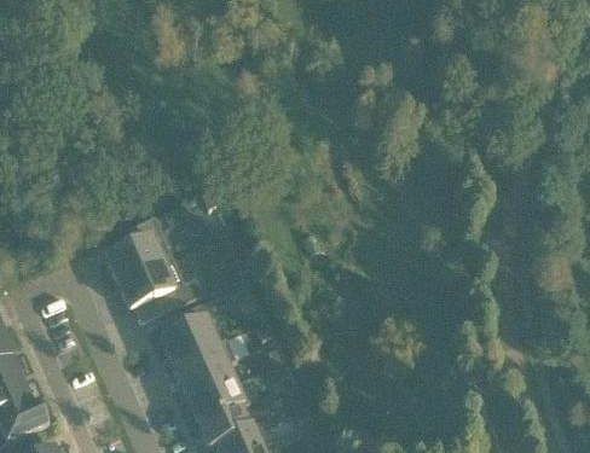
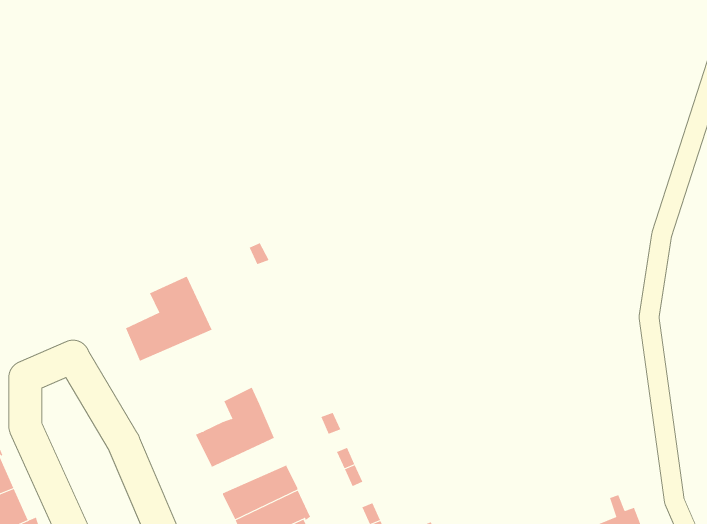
building: [118,259,203,313] -> none
building: [172,337,237,384] -> none

